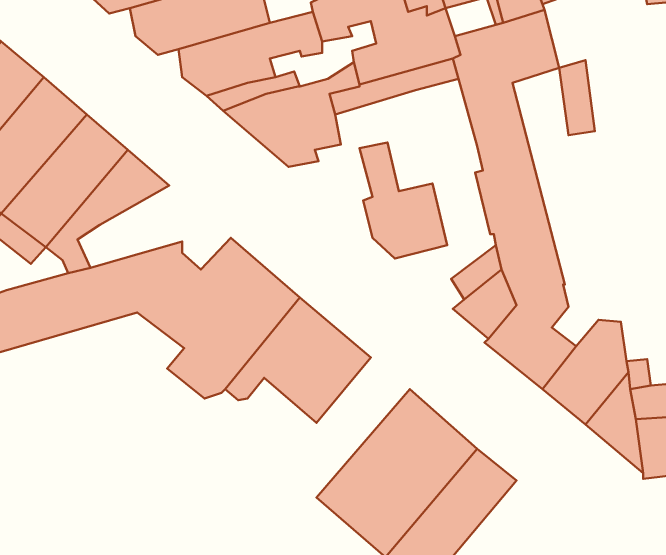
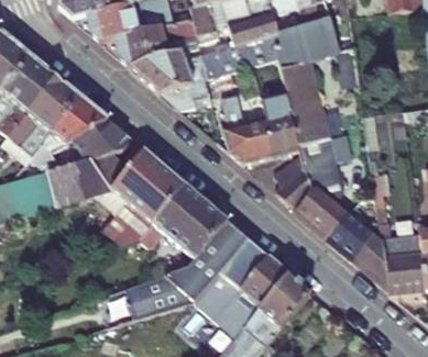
building: none -> [263,96,297,154]
building: none -> [67,119,132,160]
building: none -> [125,220,250,319]

